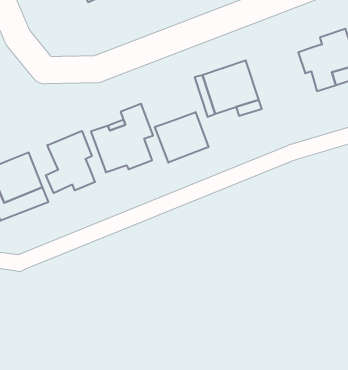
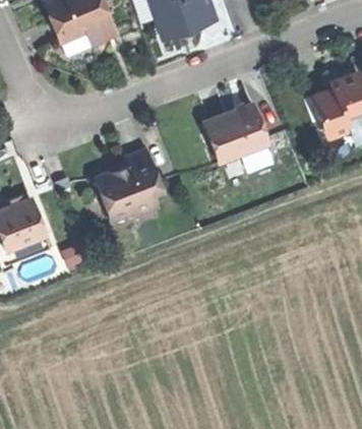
building: [155,112,208,163] -> none
building: [46,131,95,193] -> none

